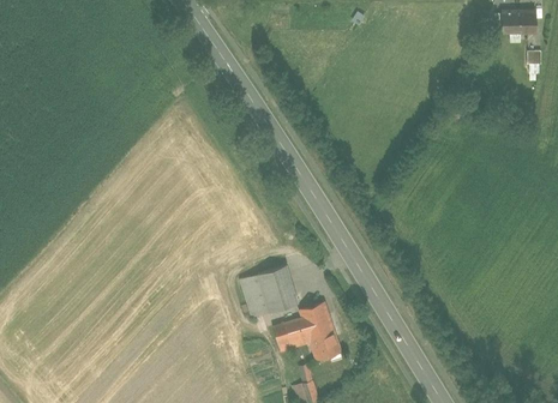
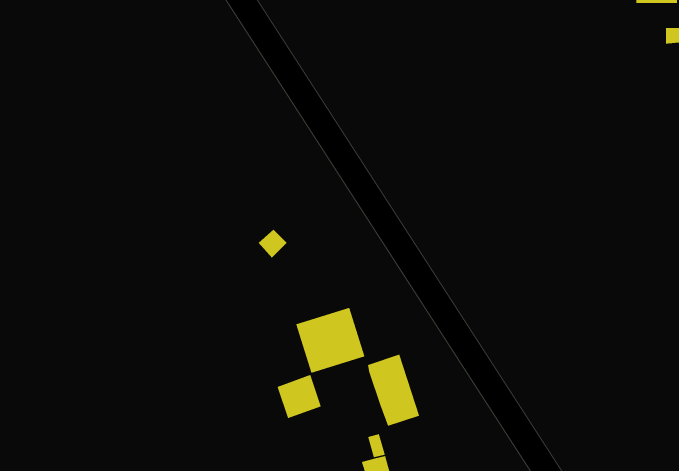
building: [272,315,307,350] -> [276,374,322,419]

